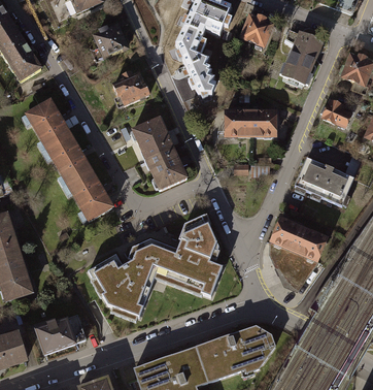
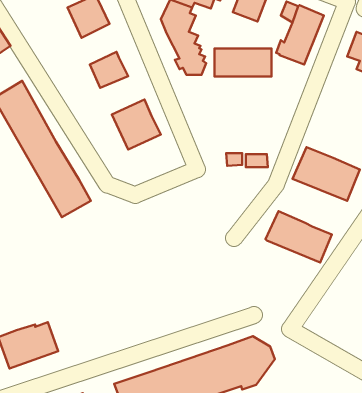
building: [320,100,347,127] -> none
building: [223,110,273,135] -> [215,48,272,76]
building: [146,145,189,188] -> none
building: [90,215,223,318] -> none
building: [268,239,317,290] -> none

